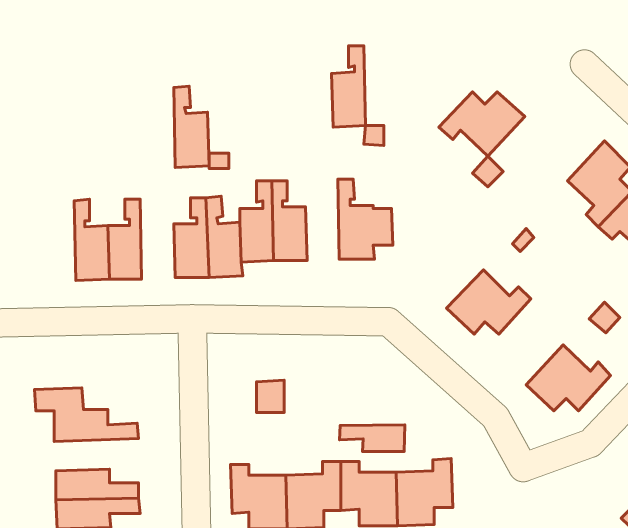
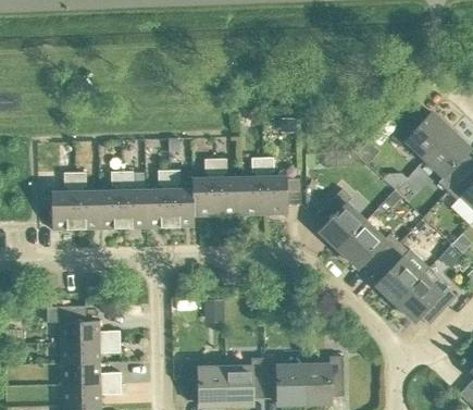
building: [332,46,365,127] -> [239,158,263,215]
building: [174,86,209,167] -> [122,171,147,228]
building: [439,92,525,156] -> [390,113,451,159]
building: none -> [51,173,76,231]
building: none -> [319,189,365,249]
building: none -> [376,243,422,303]
building: [339,425,405,452] -> none
building: none -> [61,341,121,364]

